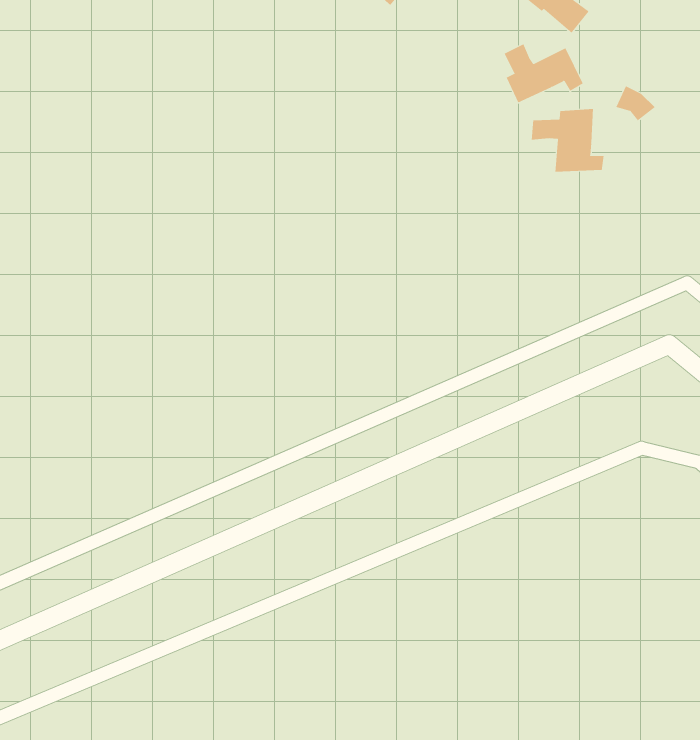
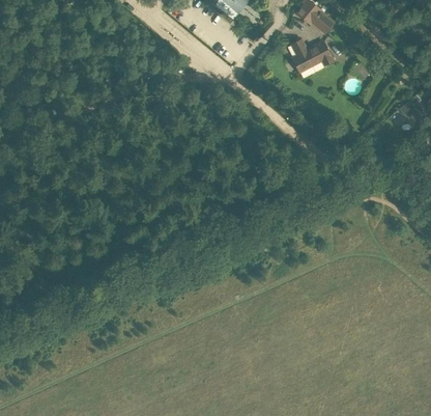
building: [531,108,604,173] -> none

